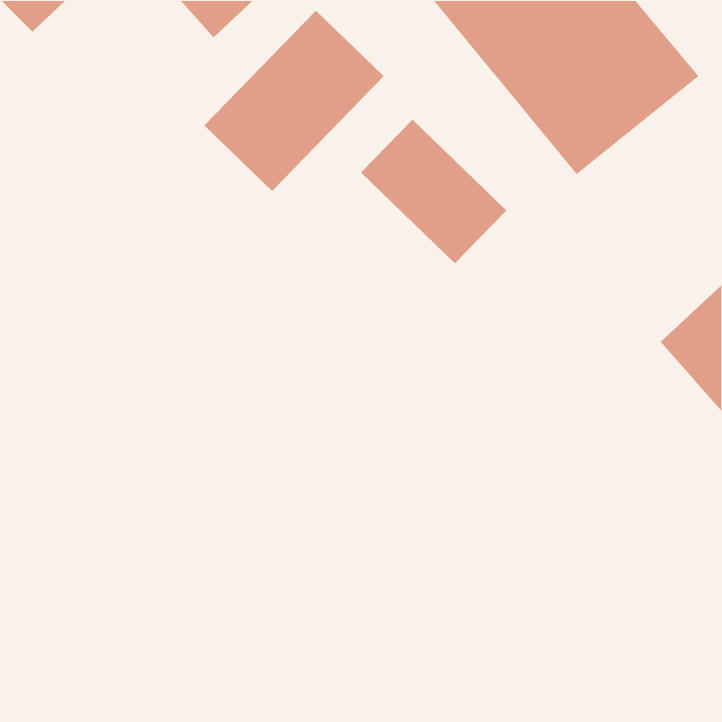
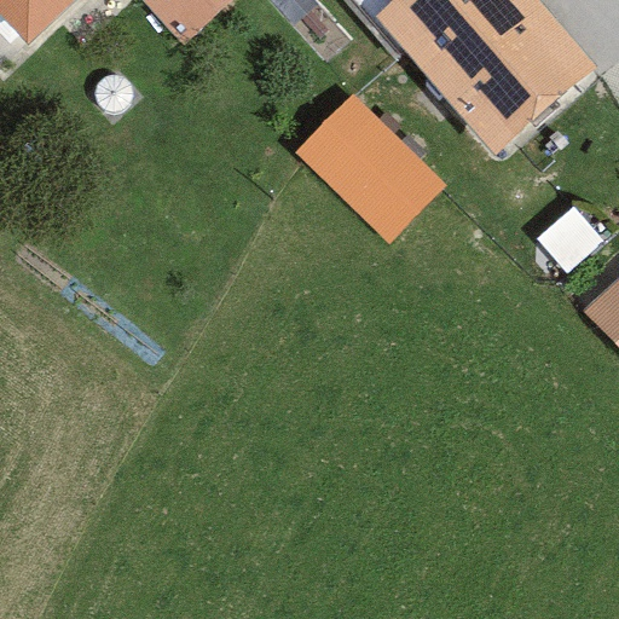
building: [204,10,384,192] -> none

